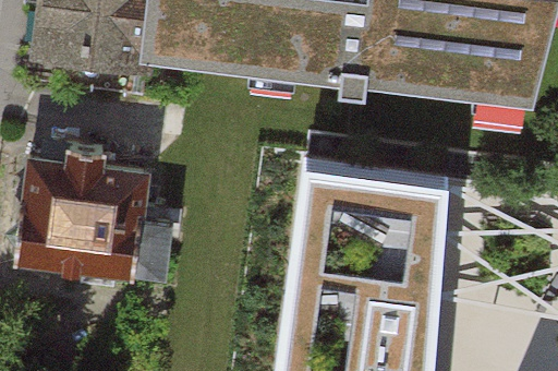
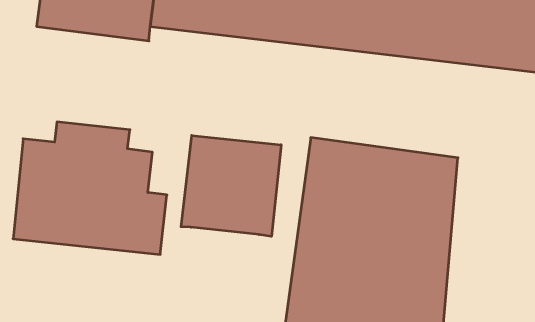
building: none -> [181,135,281,236]

